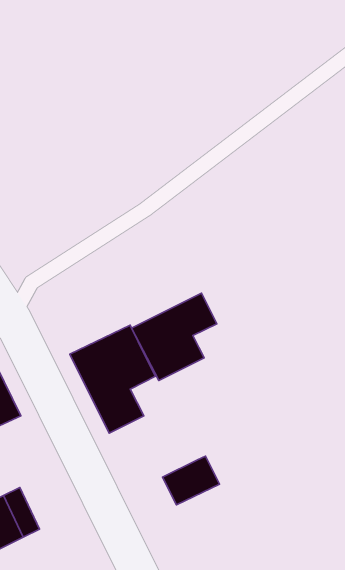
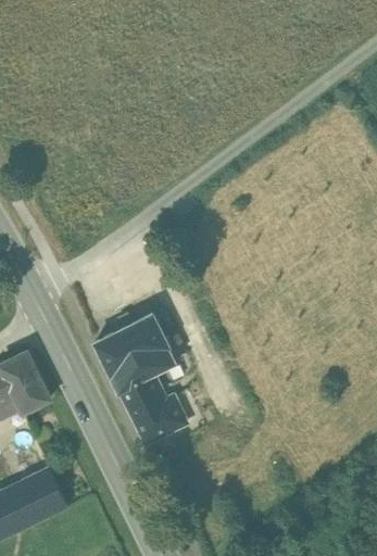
building: [131,293,217,380] -> none
building: [163,456,219,505] -> [133,396,186,442]

